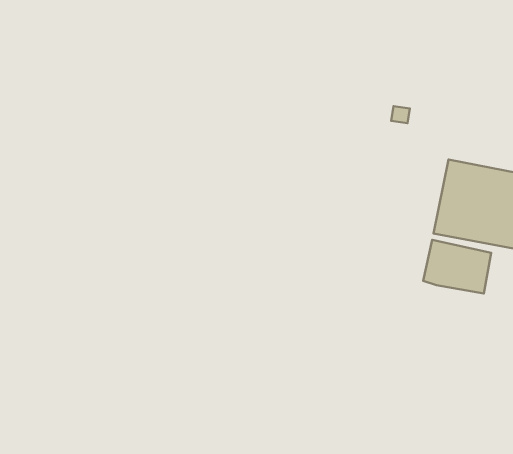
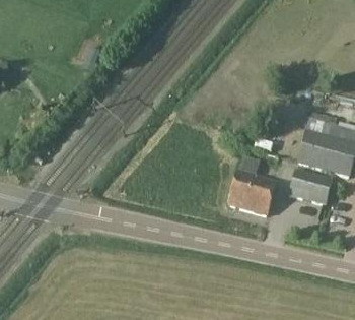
building: none -> [228,169,276,213]

